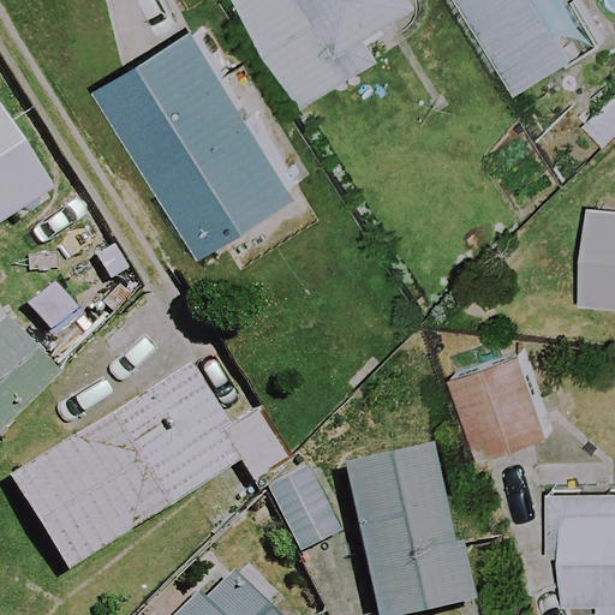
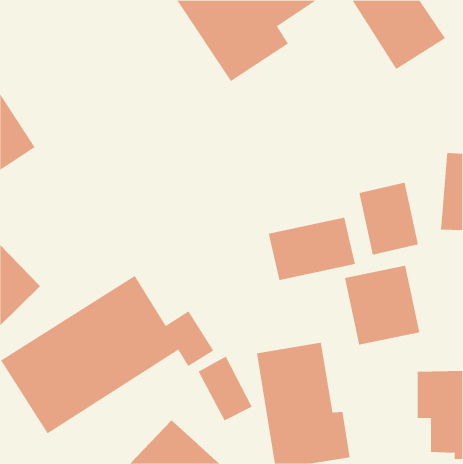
building: [105,28,309,252] -> none
building: none -> [359,182,419,256]
building: none -> [268,217,355,281]

